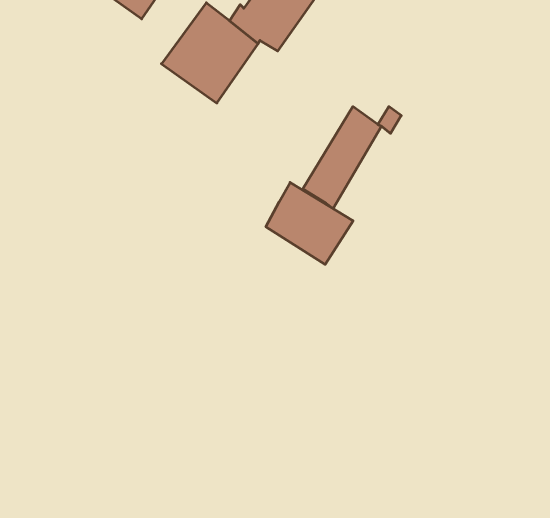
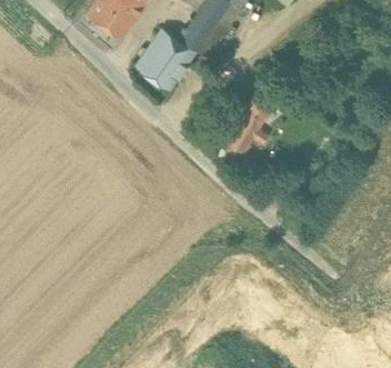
building: [266,182,353,264] -> none

